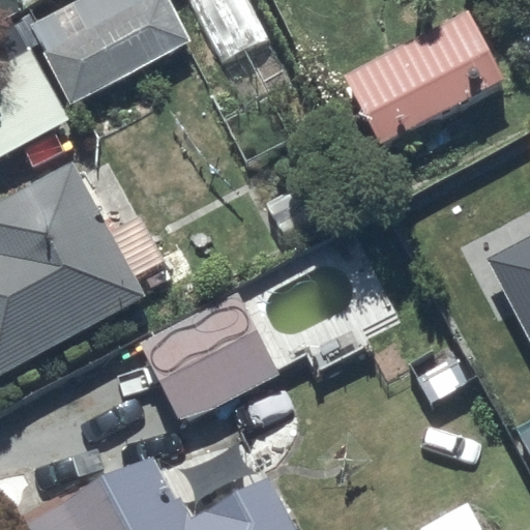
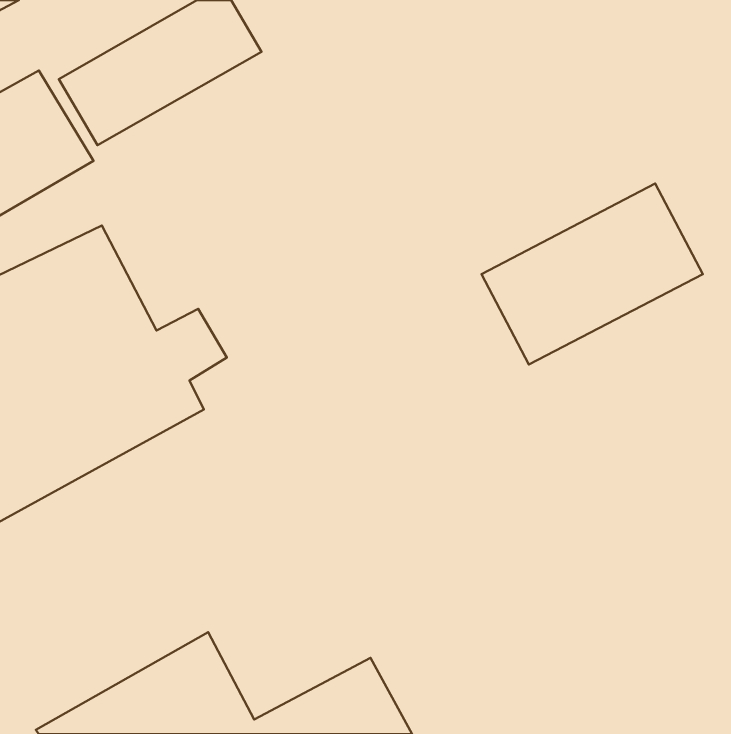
building: [343,11,502,142] -> [482,184,703,365]
building: [138,290,279,421] -> none

